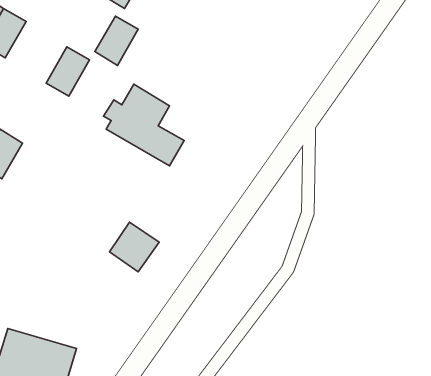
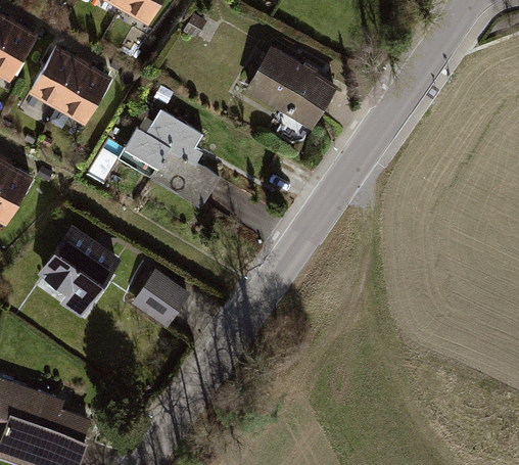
building: [95,16,138,66] -> [31,49,82,107]
building: none -> [247,49,334,126]
building: none -> [34,226,116,317]

